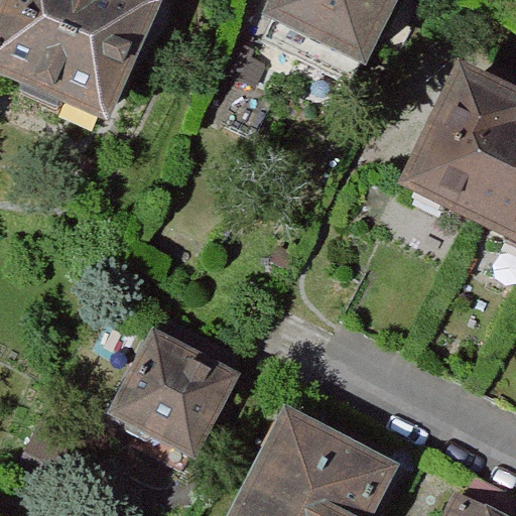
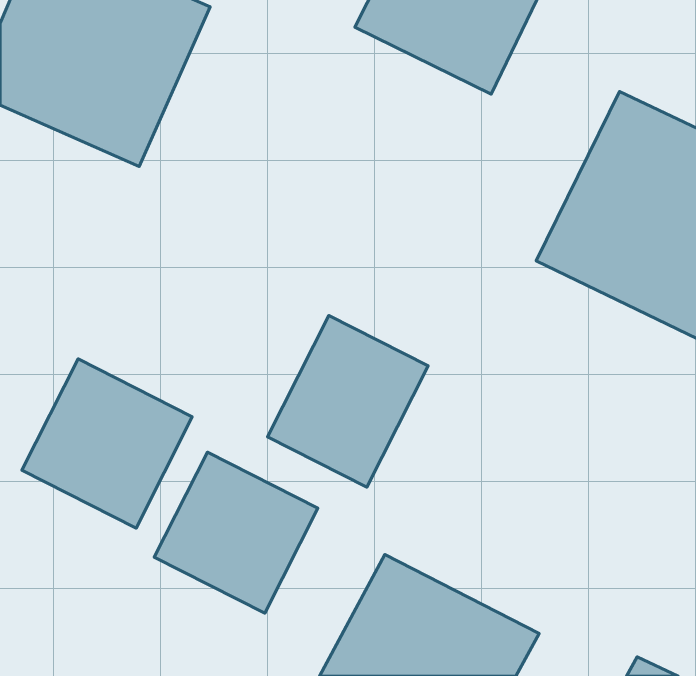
building: none -> [267,315,428,487]
building: none -> [22,359,192,528]

